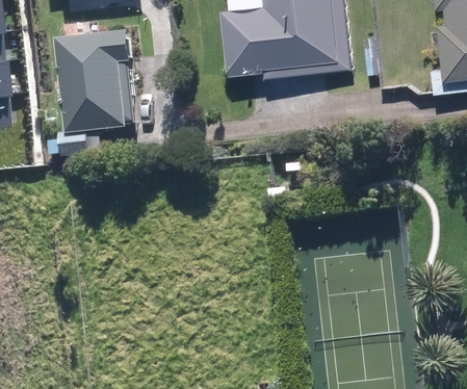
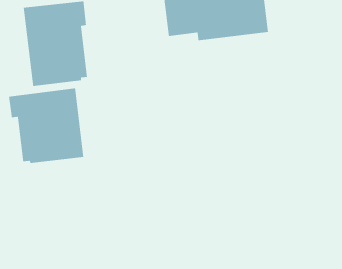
building: none -> [8,88,84,164]

